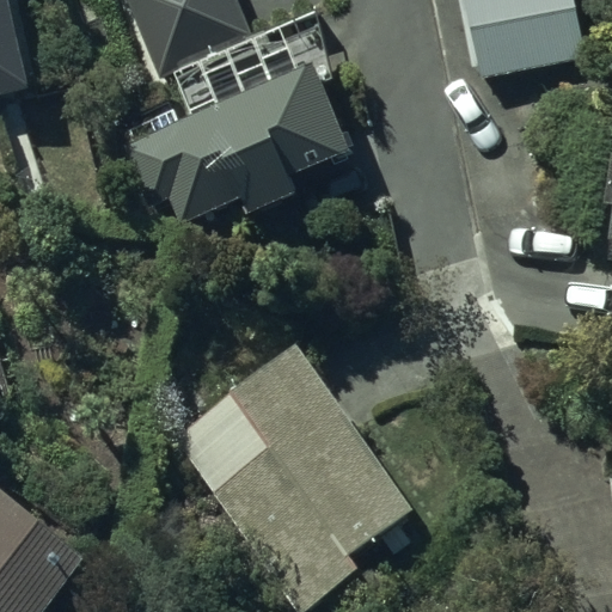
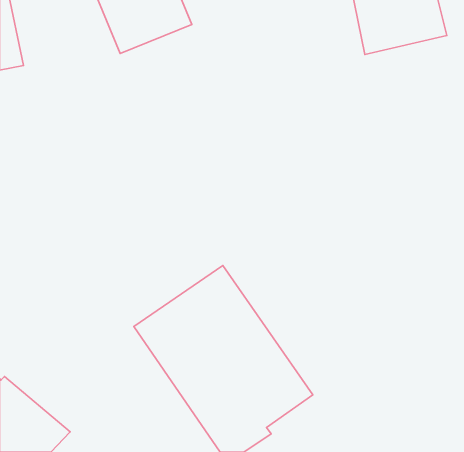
building: [124,35,347,219] -> none

